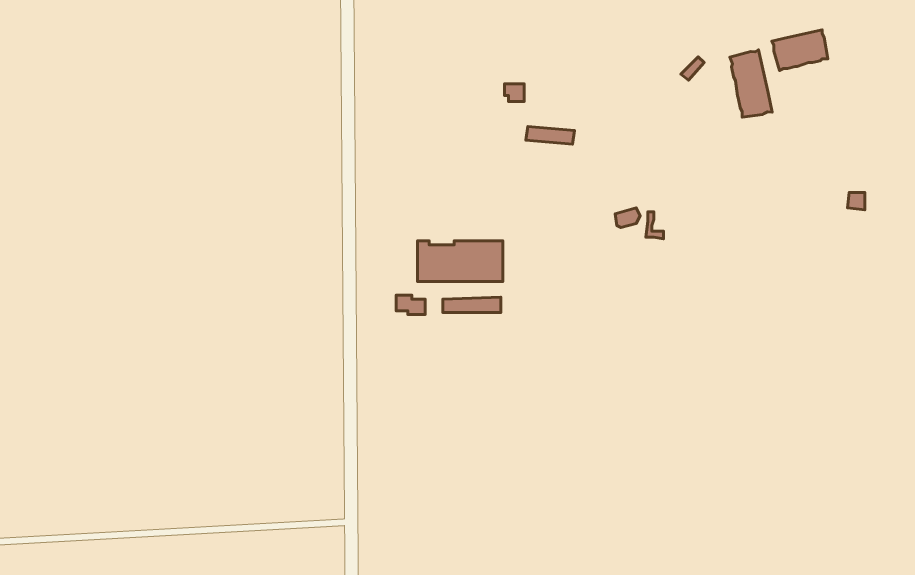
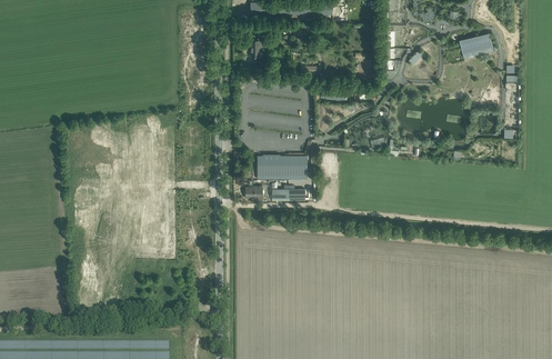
building: [730,50,772,117] -> none

